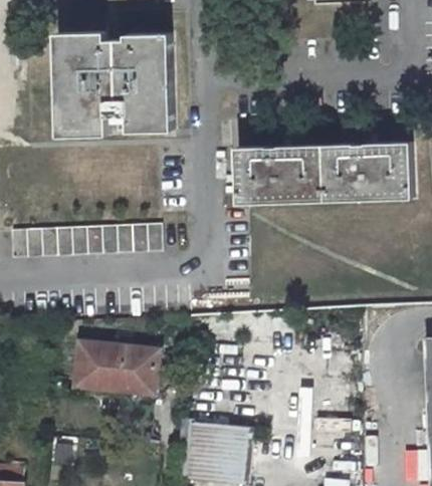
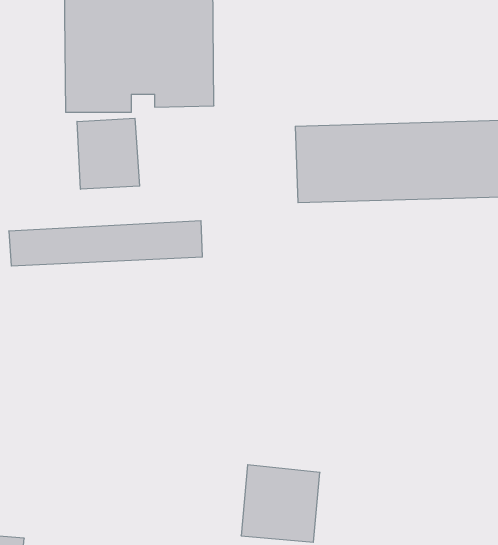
building: none -> [77,118,140,189]
building: [77,337,161,388] -> none

